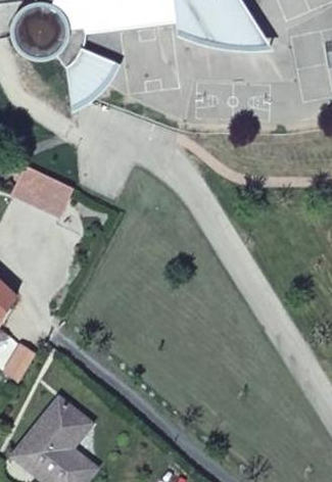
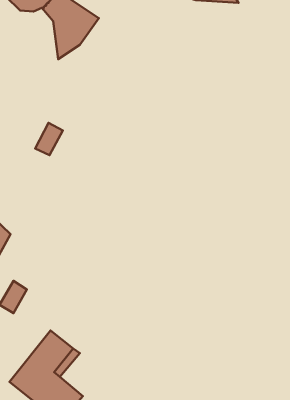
building: [12,163,58,205] -> none

